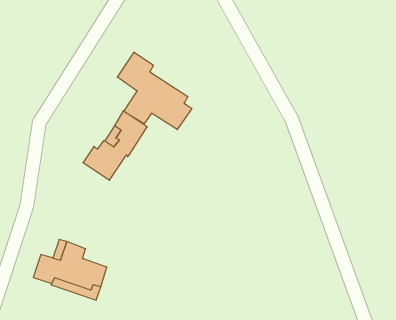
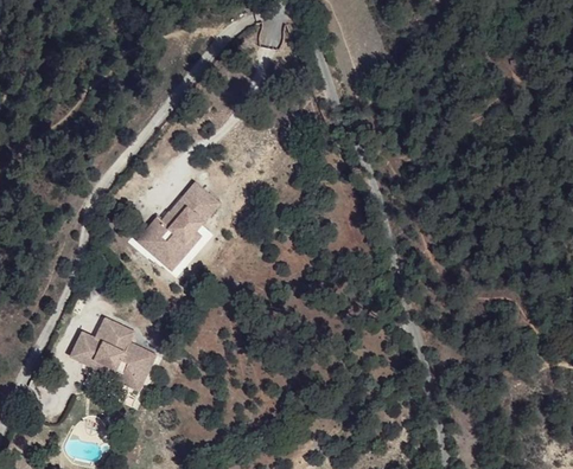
building: [117,52,192,130] -> none
building: none -> [136,231,200,269]

